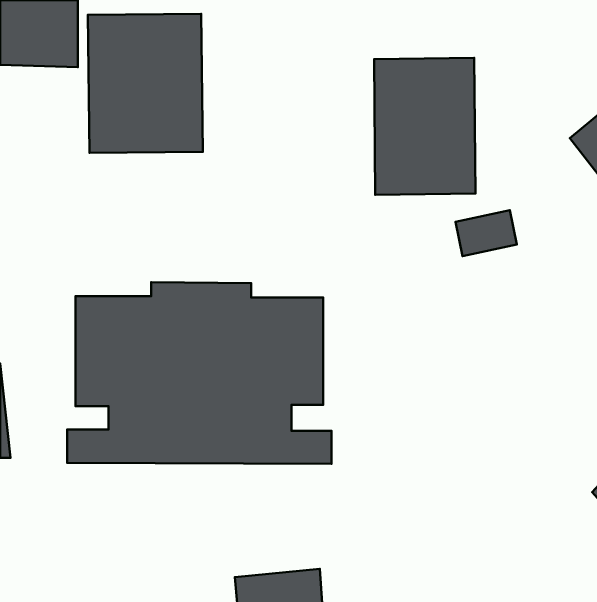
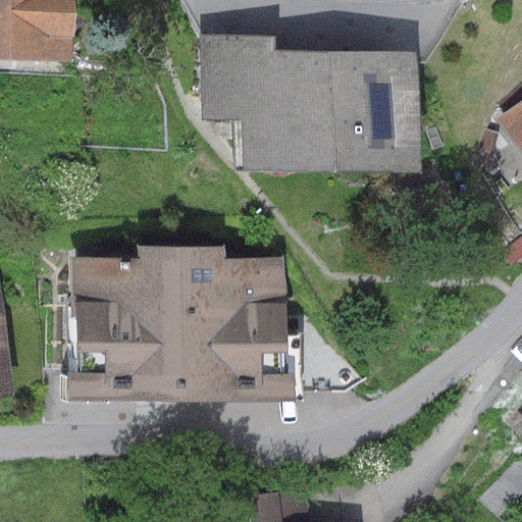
building: [88,14,203,153] -> none
building: none -> [201,36,329,170]

